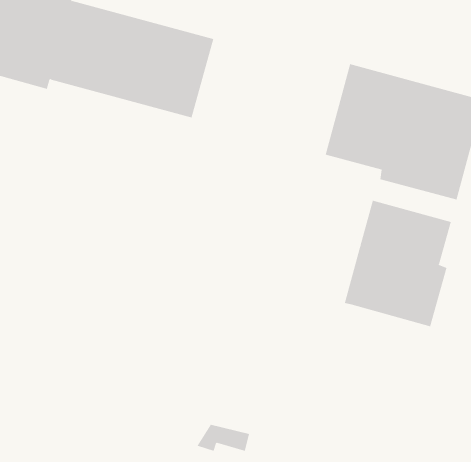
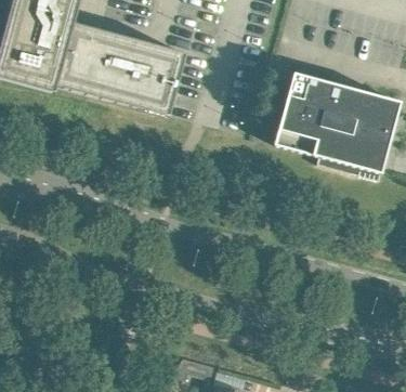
building: [344,200,451,327] -> none

